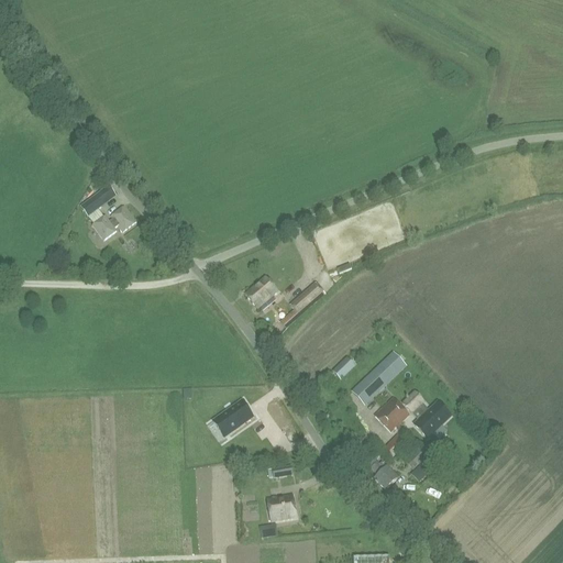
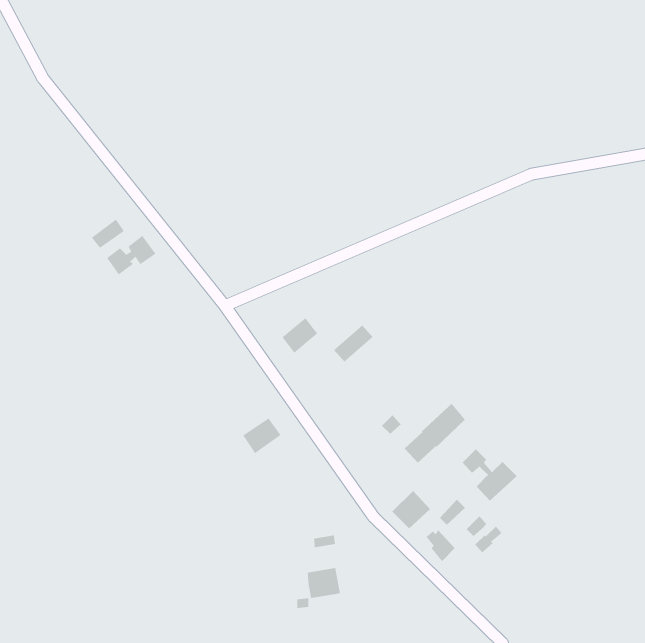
building: [375,397,409,431] -> [392,490,431,529]
building: [216,400,250,432] -> [242,417,281,454]

